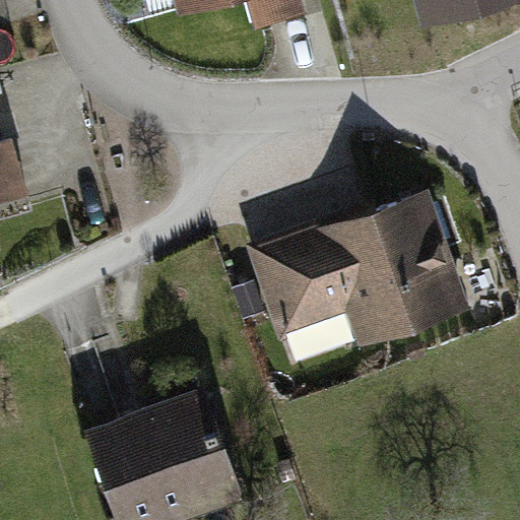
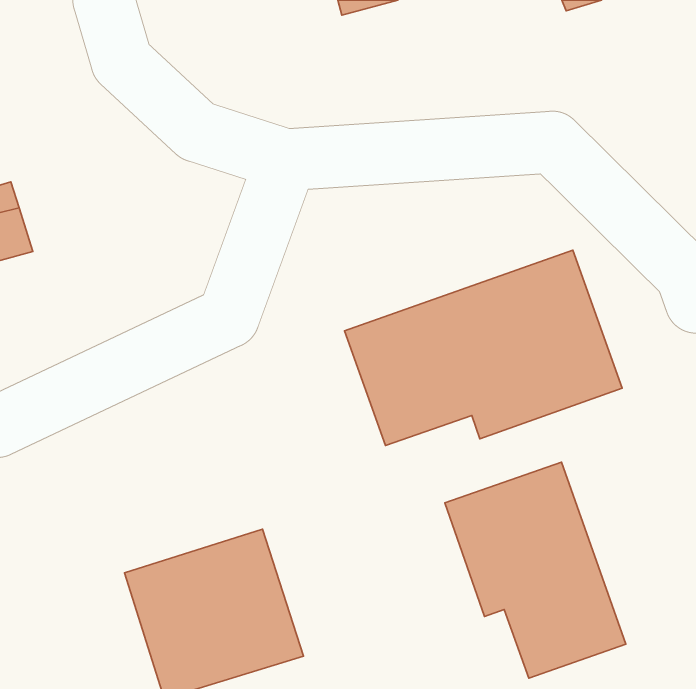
building: none -> [445,462,626,678]

